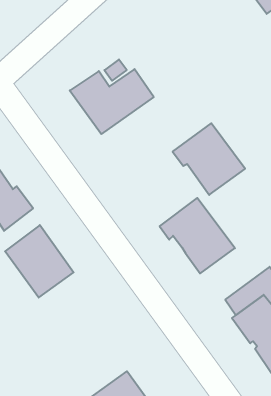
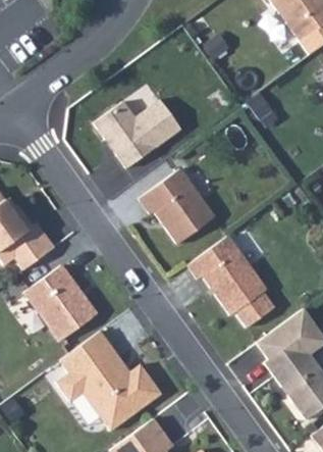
building: [173,123,245,195] -> [140,168,216,244]
building: none -> [57,331,162,430]

